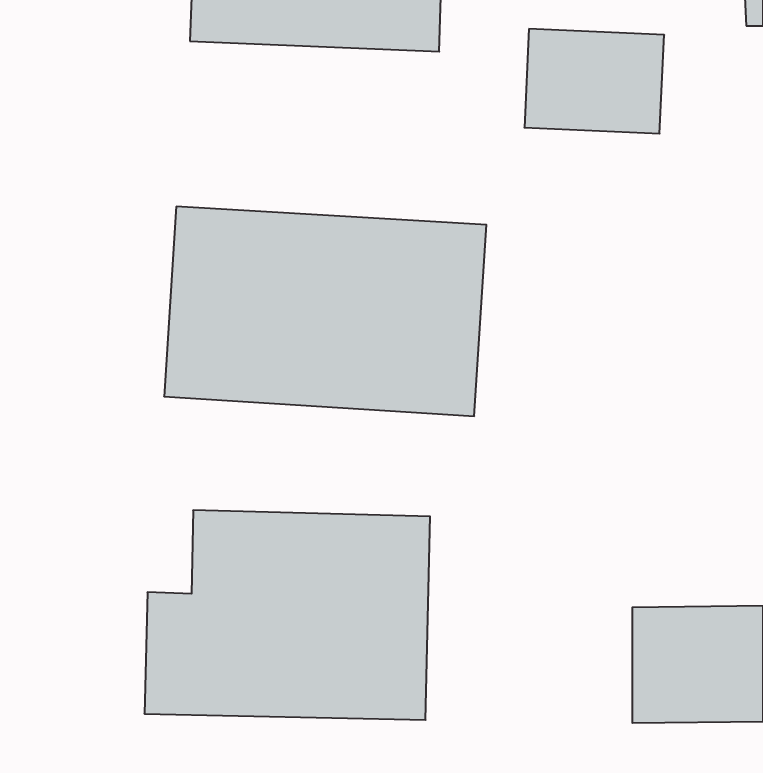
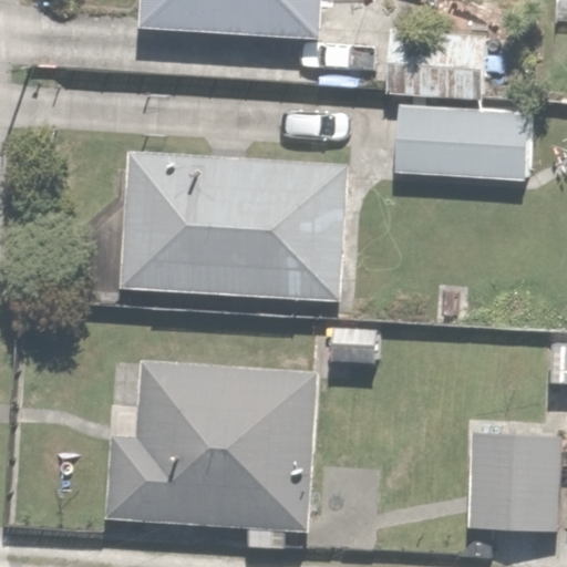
building: none -> [394,103,529,182]

